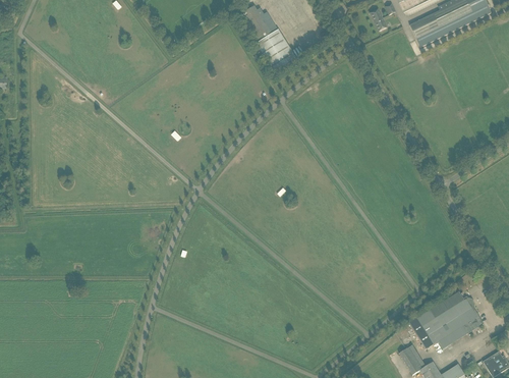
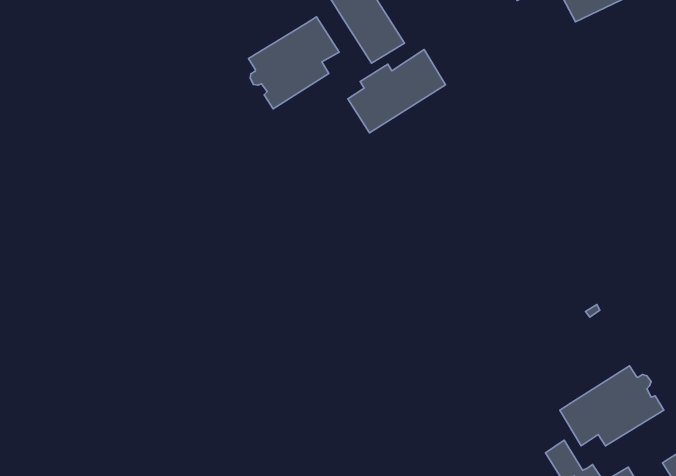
building: none -> [249,17,339,109]
building: none -> [348,50,445,133]

